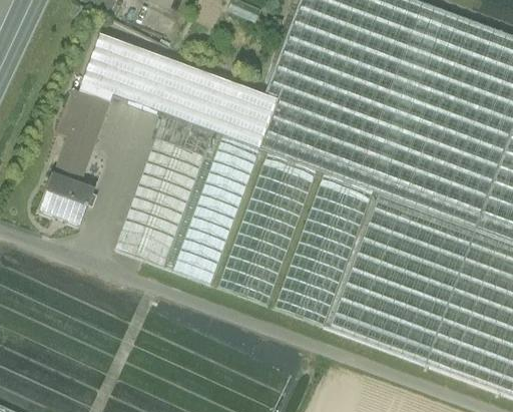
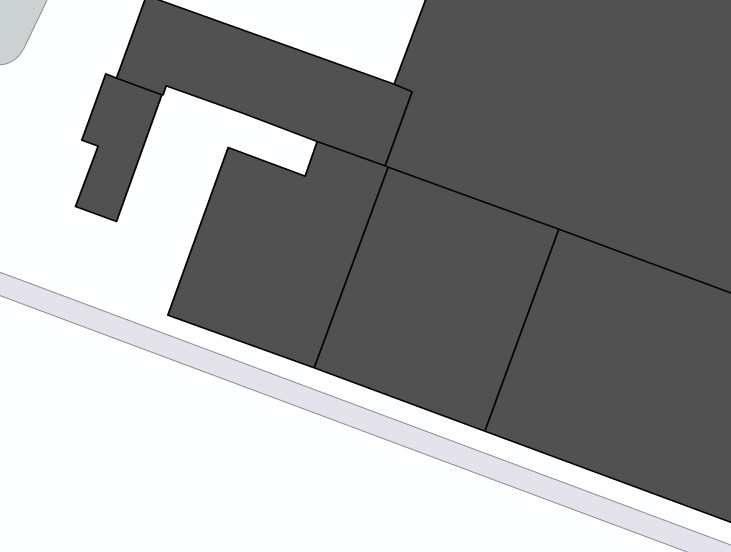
building: [155,113,214,155] -> none
building: [41,175,95,226] -> none

